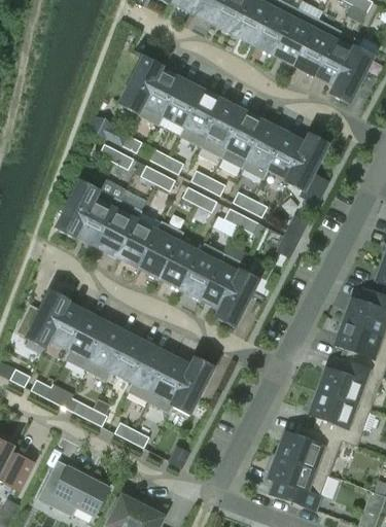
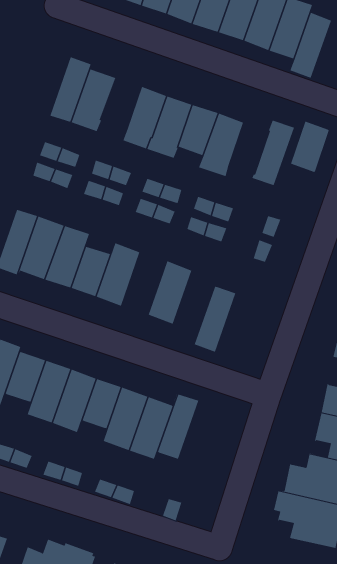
building: [164,80,203,126] -> none
building: [269,134,307,179] -> [290,121,330,172]
building: [160,233,199,287] -> none
building: [202,254,245,318] -> none

